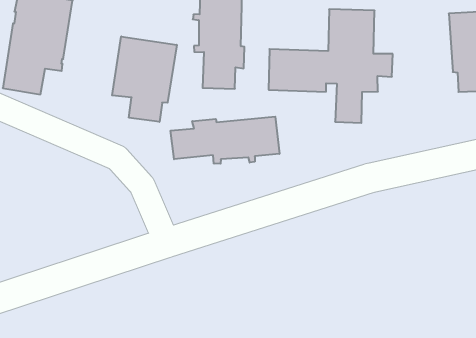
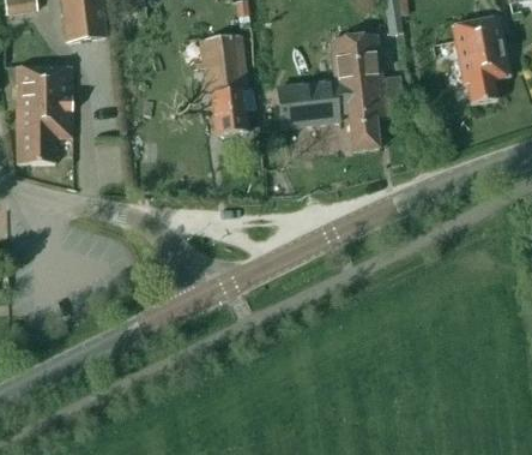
building: [112,36,177,122] -> none
building: [171,117,279,164] -> none

